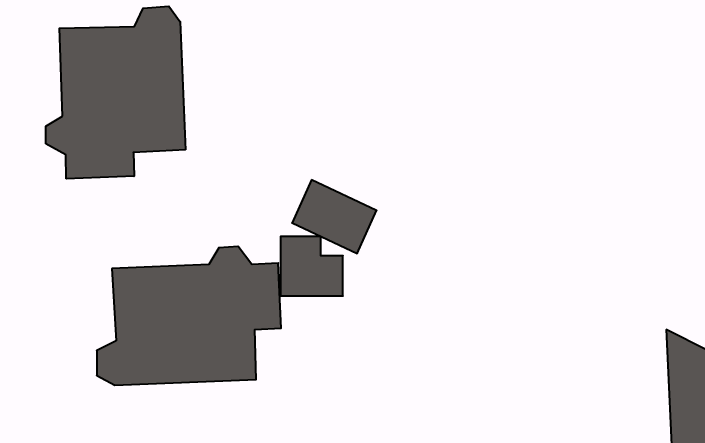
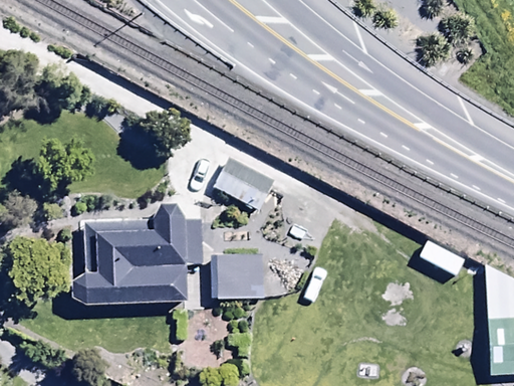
building: [46,6,185,179] -> none
building: [281,236,343,296] -> [217,253,262,297]

